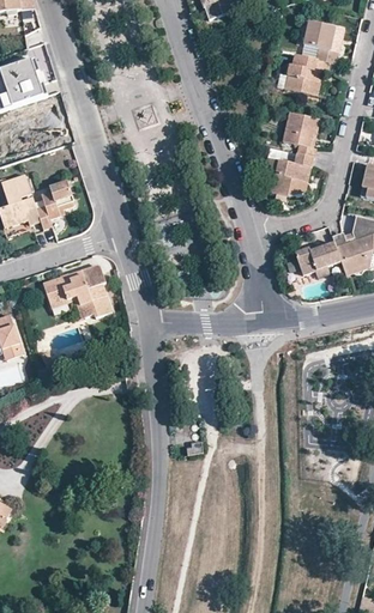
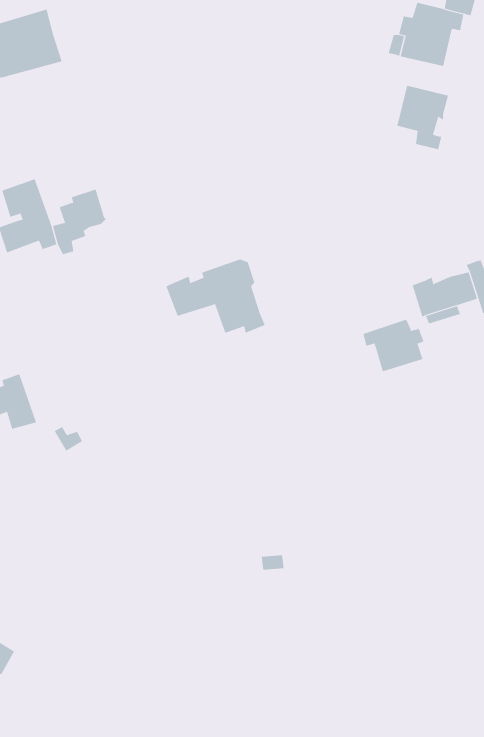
building: [263,152,312,196] -> none
building: [47,263,117,316] -> [165,259,265,334]
building: none -> [363,319,424,372]

